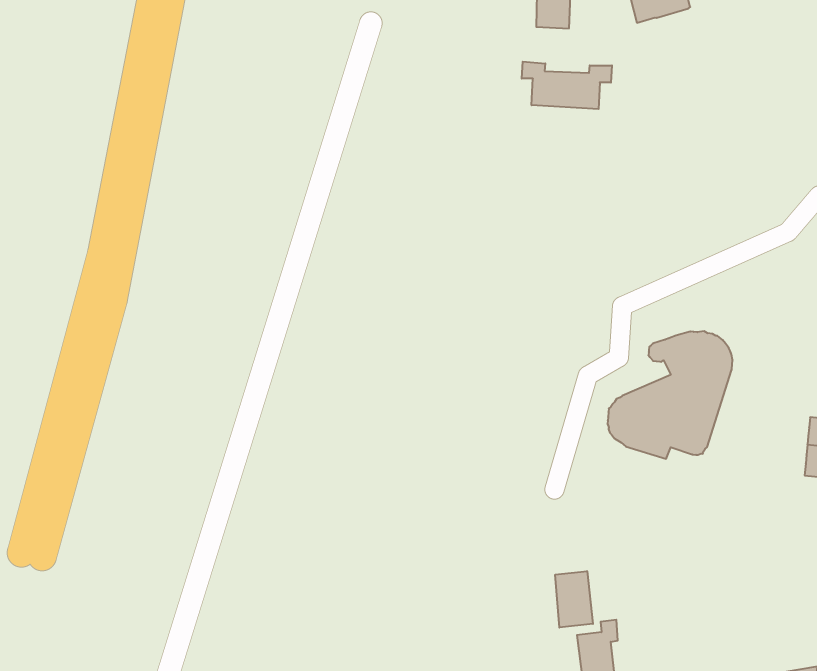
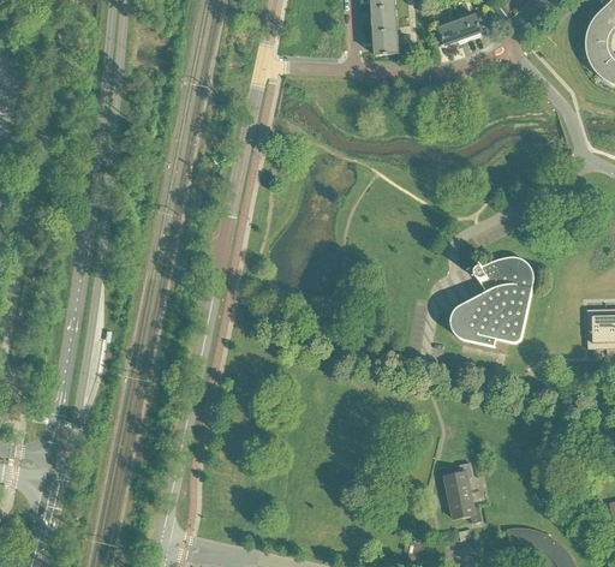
building: [522,62,612,109] -> none
building: [555,571,593,628] -> none

